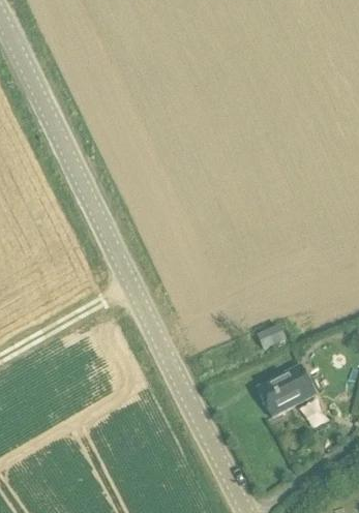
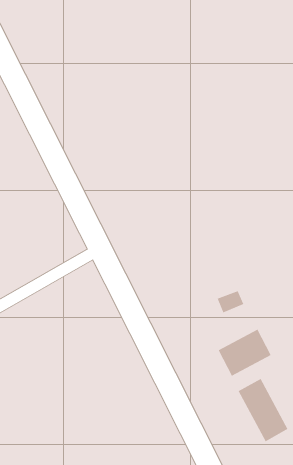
building: none -> [238,378,288,442]

